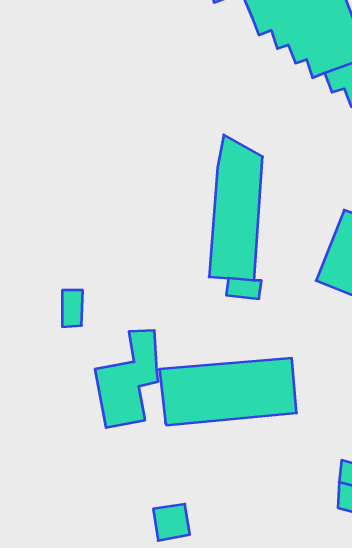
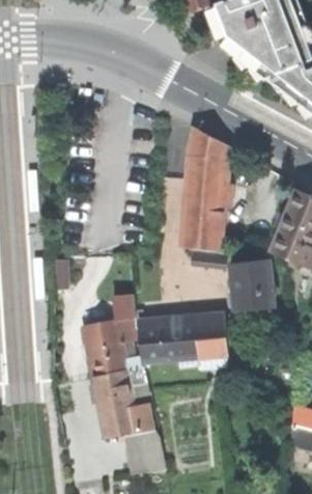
building: none -> [223,260,273,311]
building: none -> [92,365,152,438]

